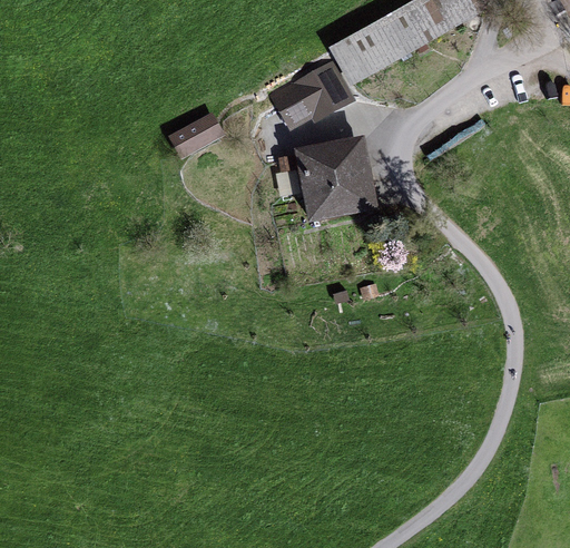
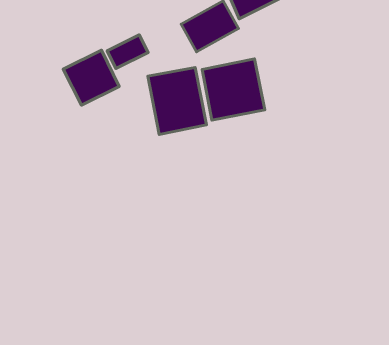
building: none -> [63,50,119,105]
building: none -> [148,67,206,134]

